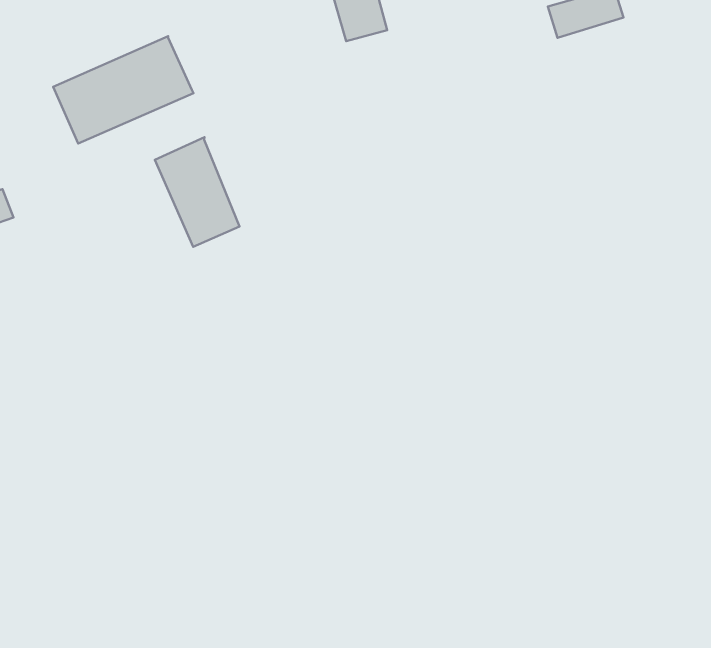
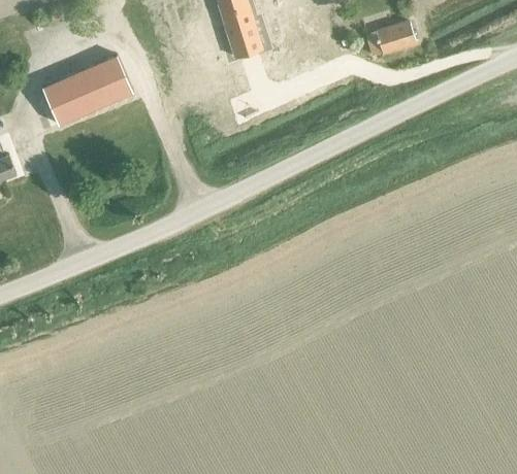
building: [155,137,240,247] -> none

